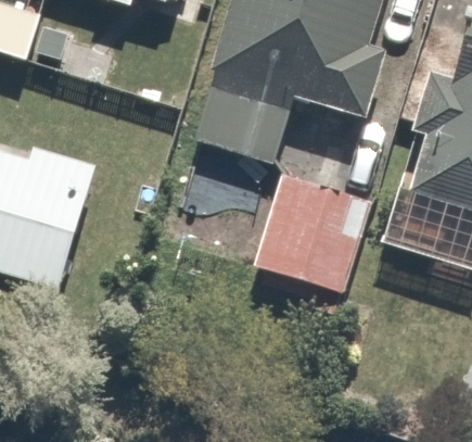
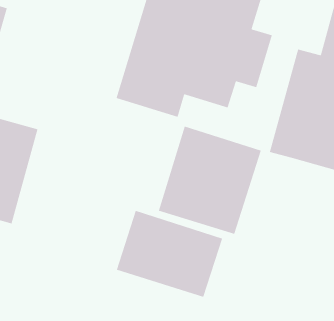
building: none -> [116,210,223,298]

